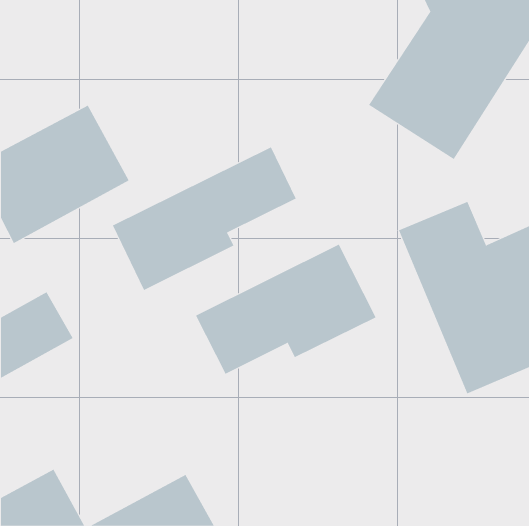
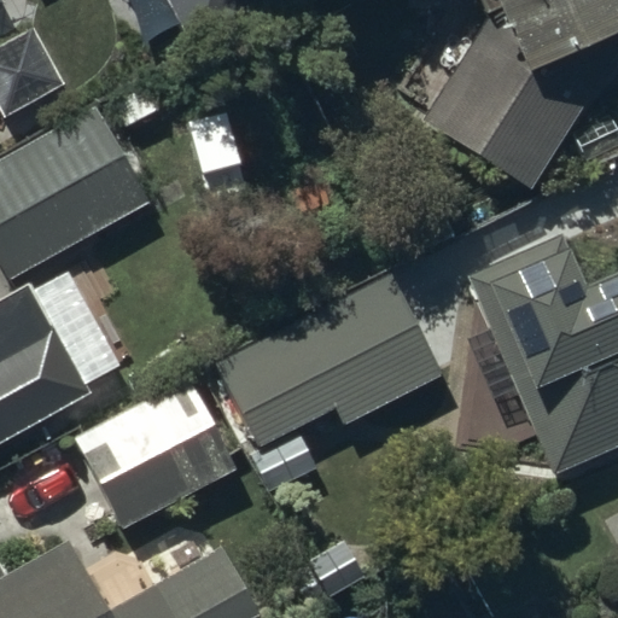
building: [112,146,296,291] -> none
building: none -> [76,384,234,529]

